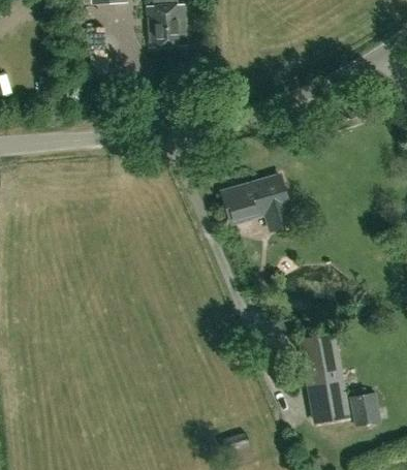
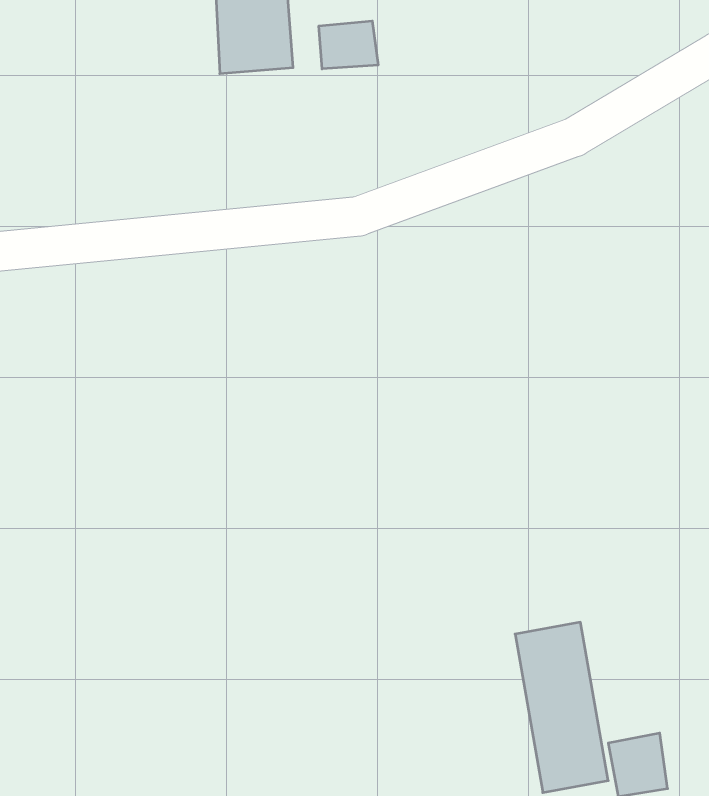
building: none -> [319,21,378,69]
building: [222,174,293,225] -> none

